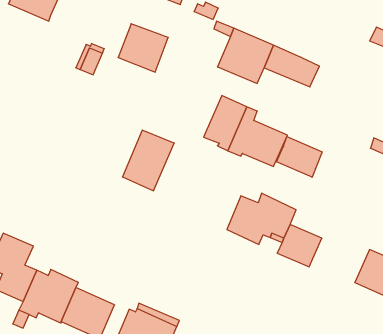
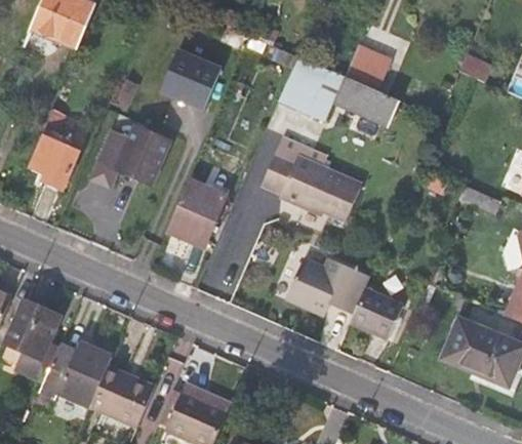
building: none -> [345,45,391,91]
building: none -> [30,110,80,192]
building: none -> [92,125,169,184]
building: [277,137,322,177] -> none

